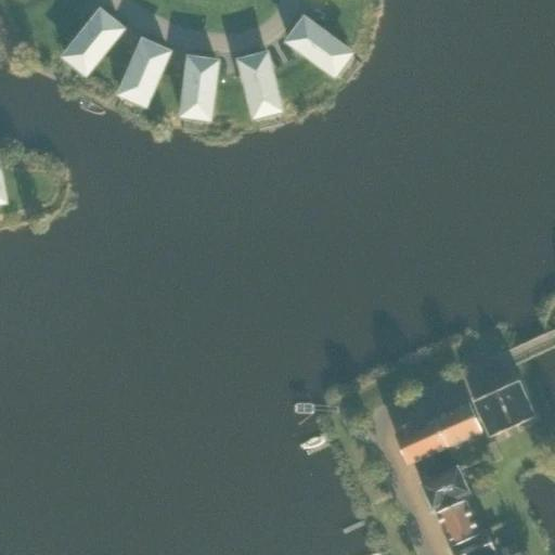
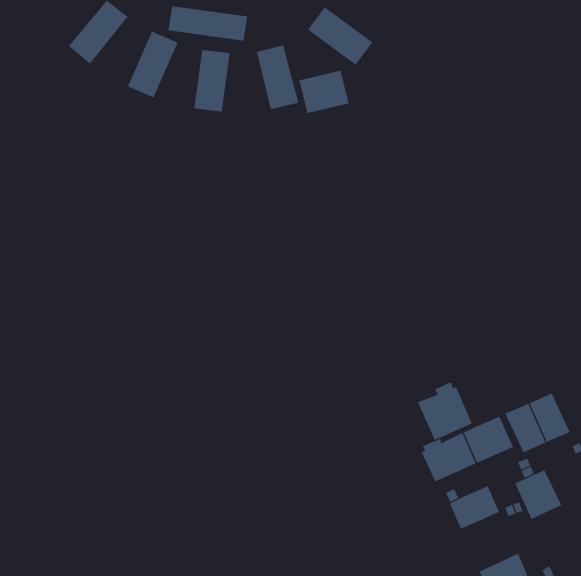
building: none -> [168,5,248,41]
building: none -> [299,70,349,114]
building: none -> [417,382,473,441]
building: [435,496,479,544] -> [515,469,562,520]

